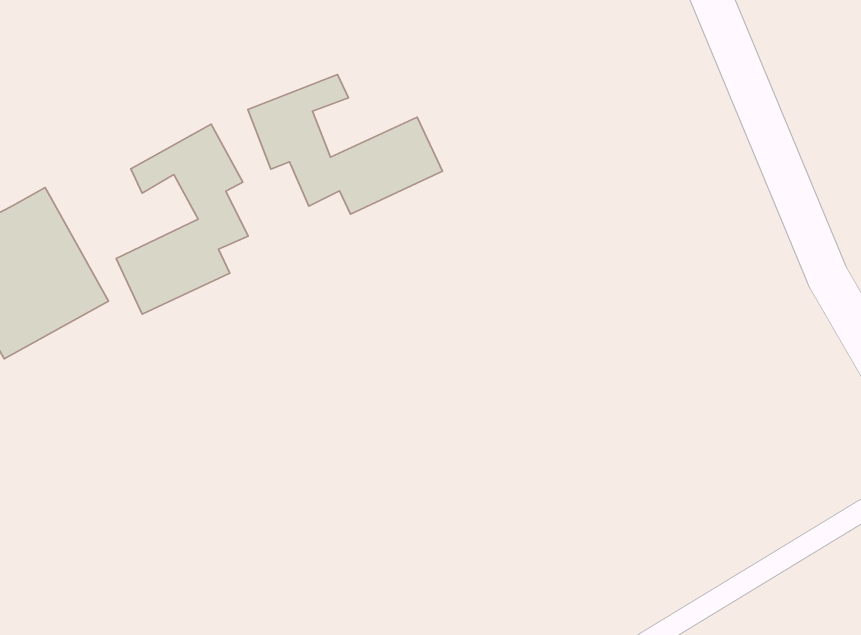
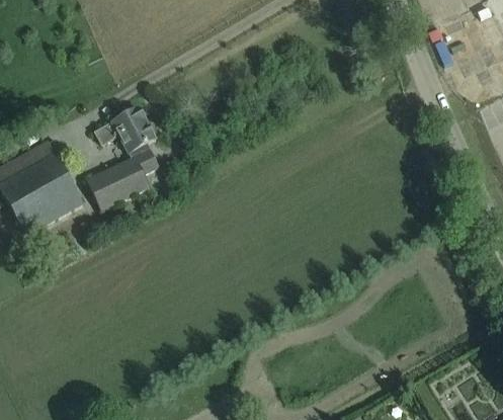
building: [248,75,443,214] -> none

